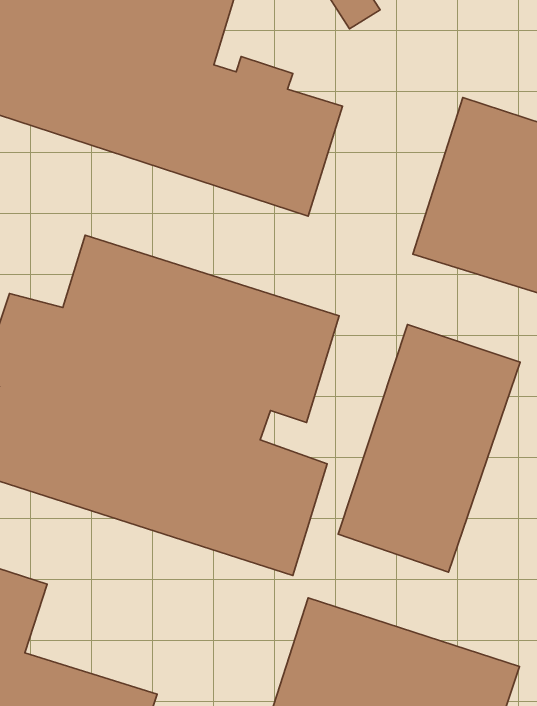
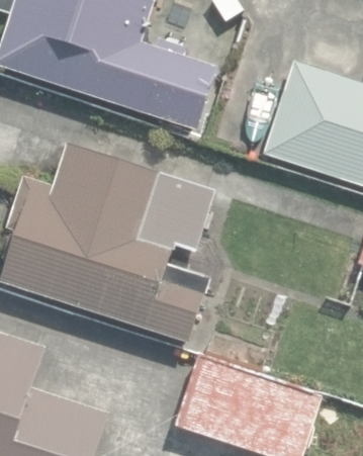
building: [338,325,520,572] -> none

